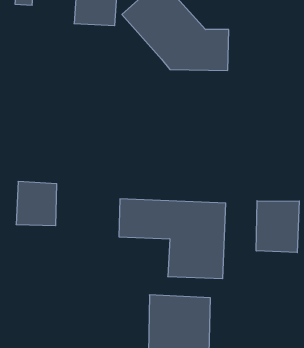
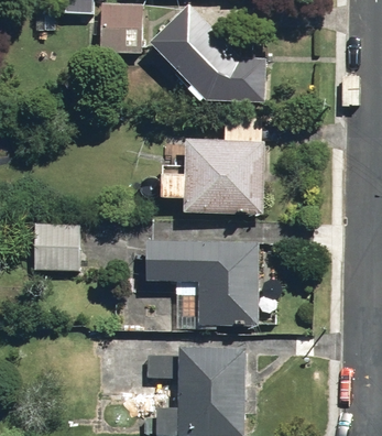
building: none -> [162,116,263,215]
building: [256,201,299,253] -> none

